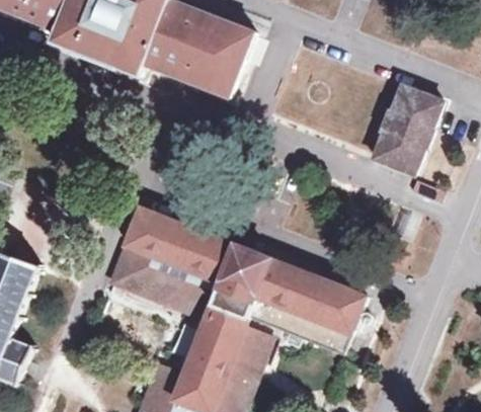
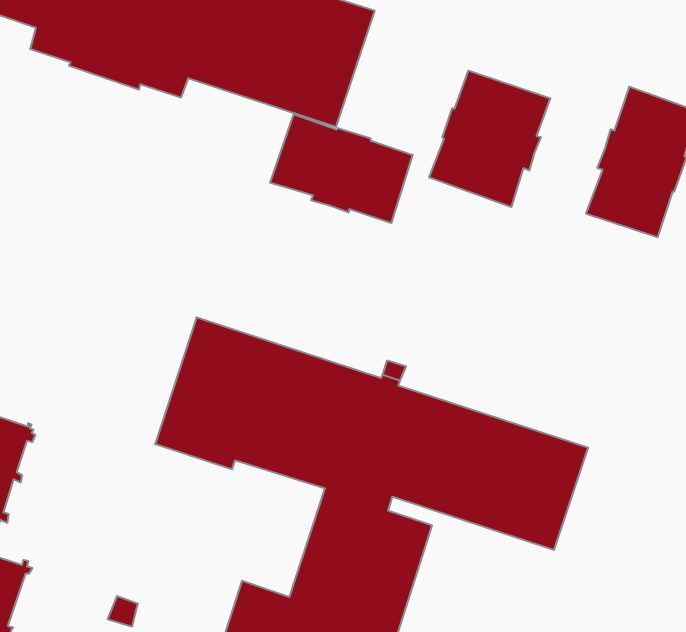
building: none -> [429,71,550,207]
building: none -> [270,114,413,223]

